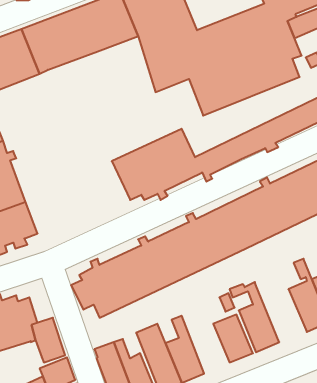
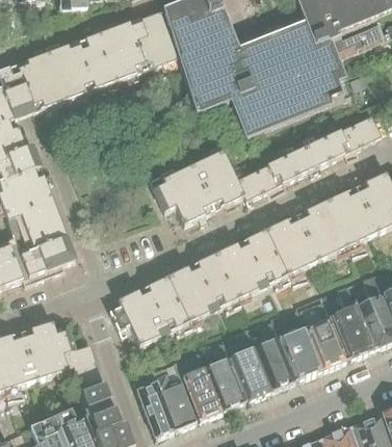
building: none -> [299,299,348,368]
building: none -> [233,328,272,399]

